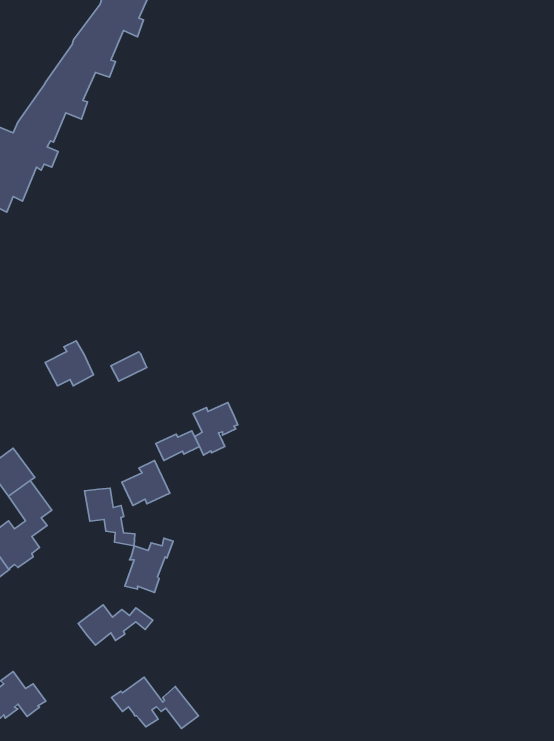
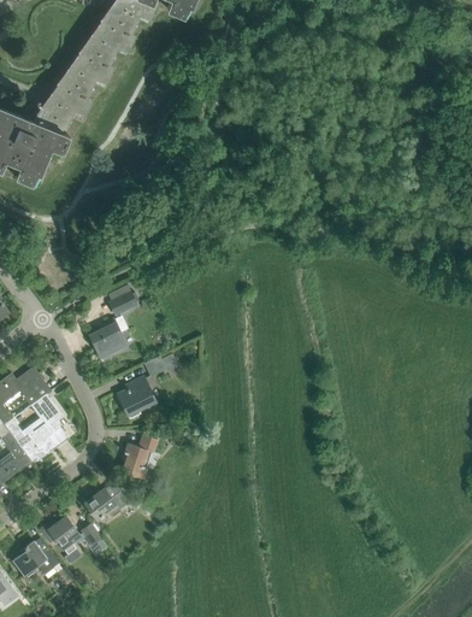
building: [45,341,93,386] -> [89,318,126,353]
building: [193,402,238,455] -> none
building: [85,488,135,546] -> none
building: [112,677,199,728] -> [41,516,108,556]

